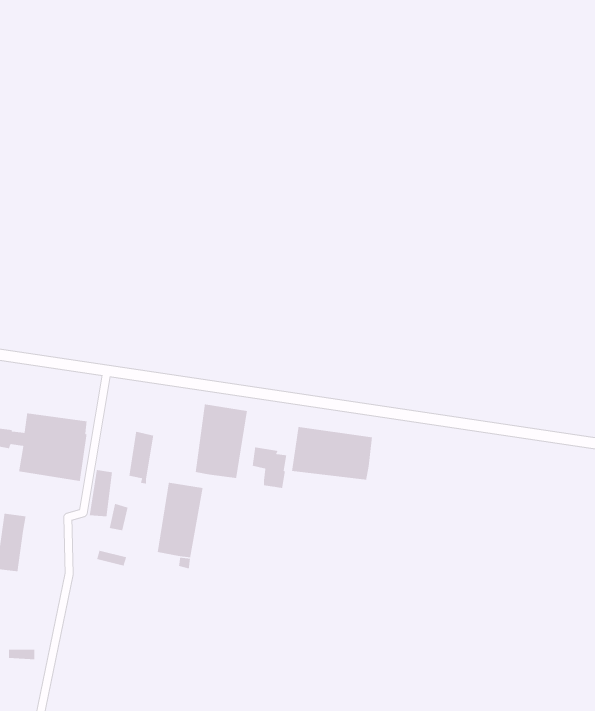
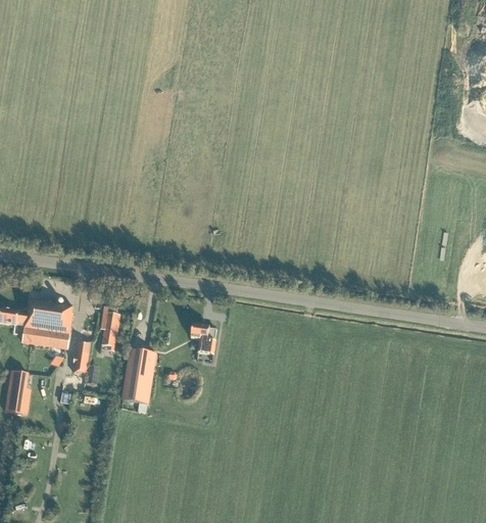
building: [195,403,248,479] -> none
building: [291,426,373,480] -> none

